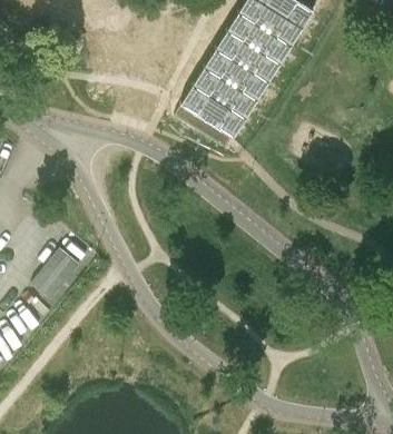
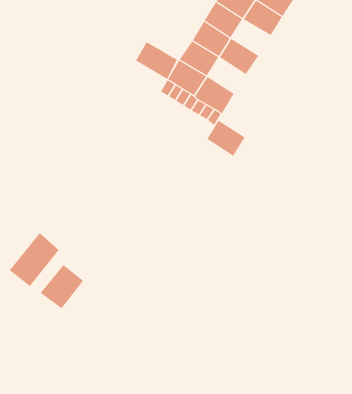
building: [242,46,279,80] -> none
building: none -> [135,41,178,80]
building: [219,81,256,116] -> [206,120,245,156]
building: none -> [40,264,84,309]

